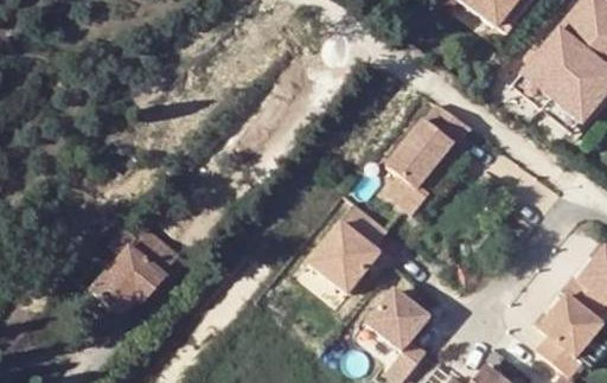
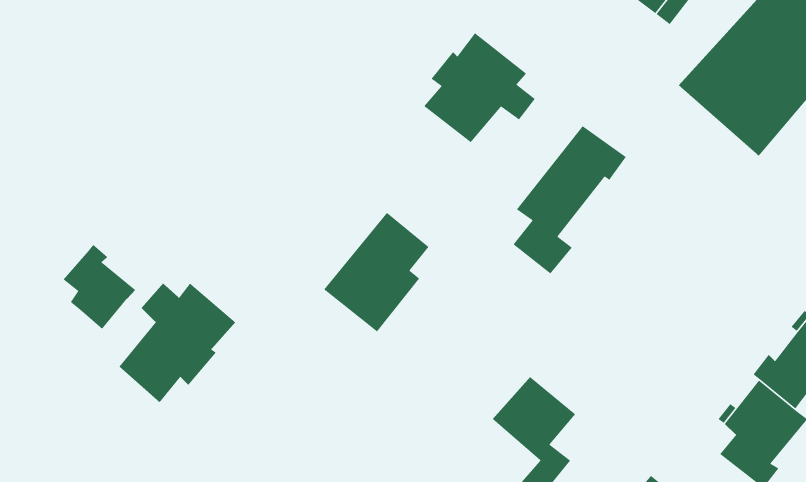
building: none -> [423,32,536,143]
building: none -> [63,244,136,330]
building: [308,206,388,296] -> [323,212,430,333]

